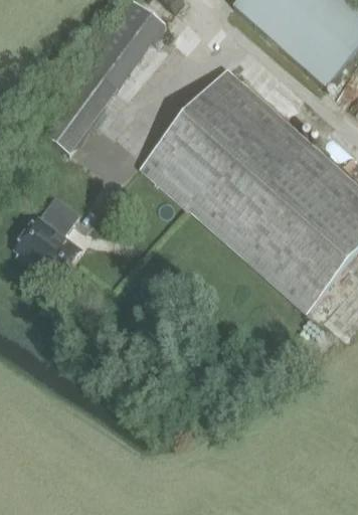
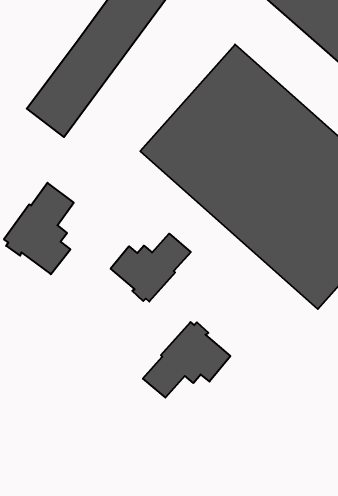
building: none -> [111,234,191,302]
building: none -> [143,322,230,398]

